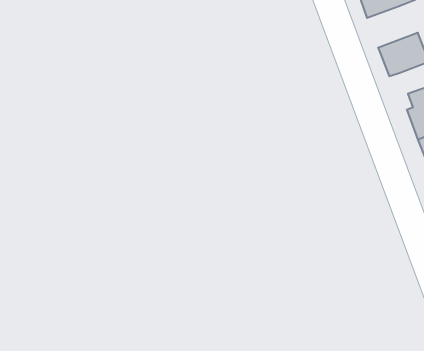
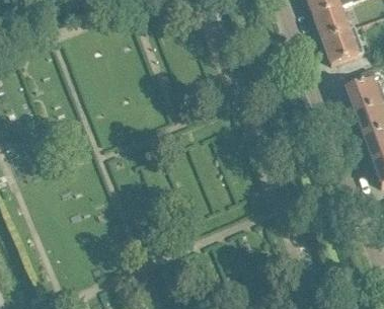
building: none -> [313,6,355,41]

